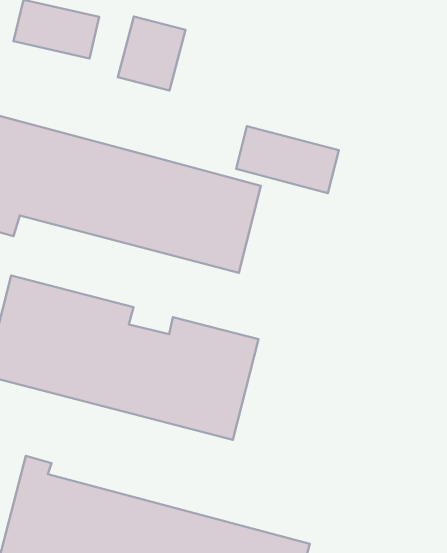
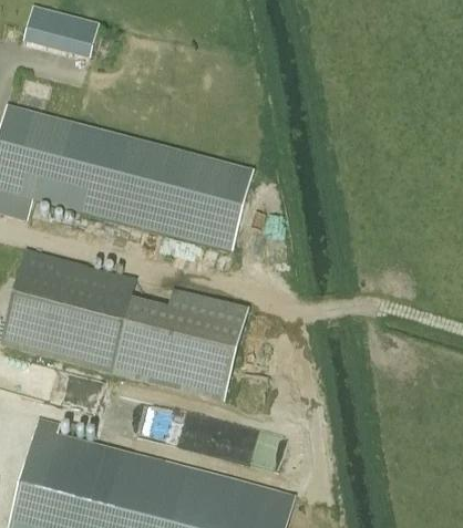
building: [118,17,186,91] -> none
building: [236,126,339,193] -> none

